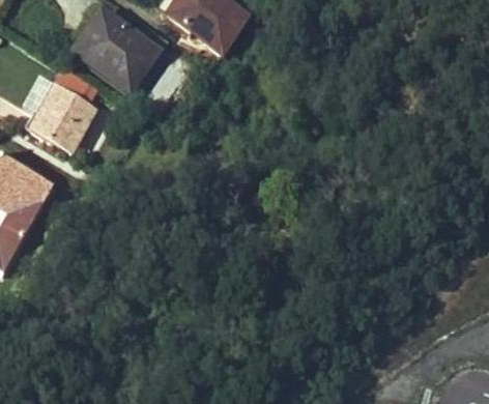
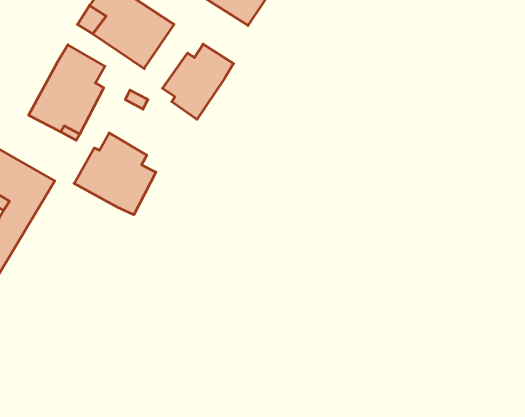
building: none -> [162,44,234,119]
building: none -> [74,133,156,215]

